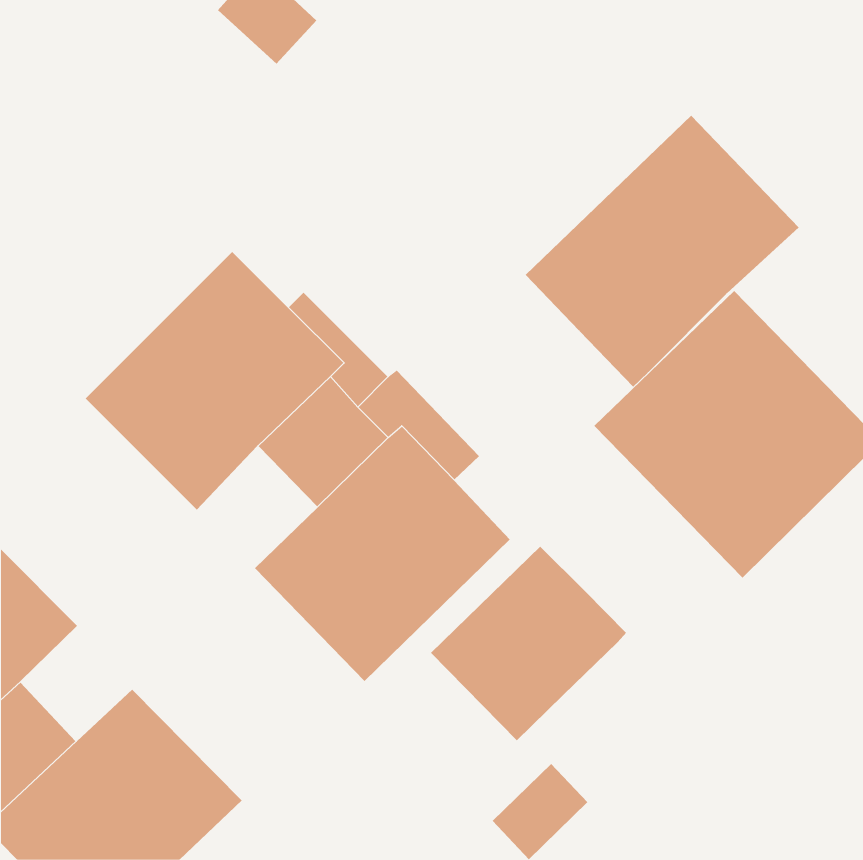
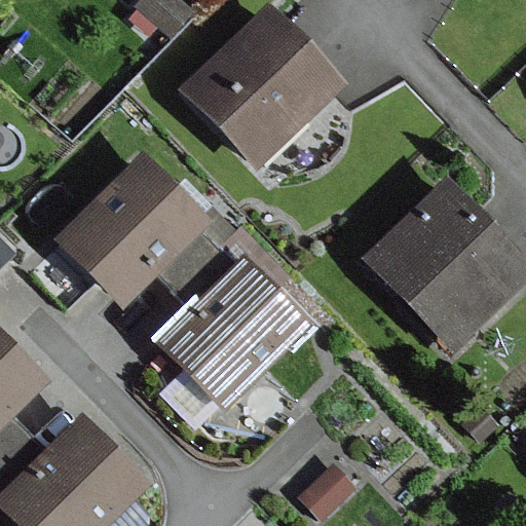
building: none -> [178,4,345,171]
building: [525,115,799,387] -> none
building: [430,546,627,741] -> none

